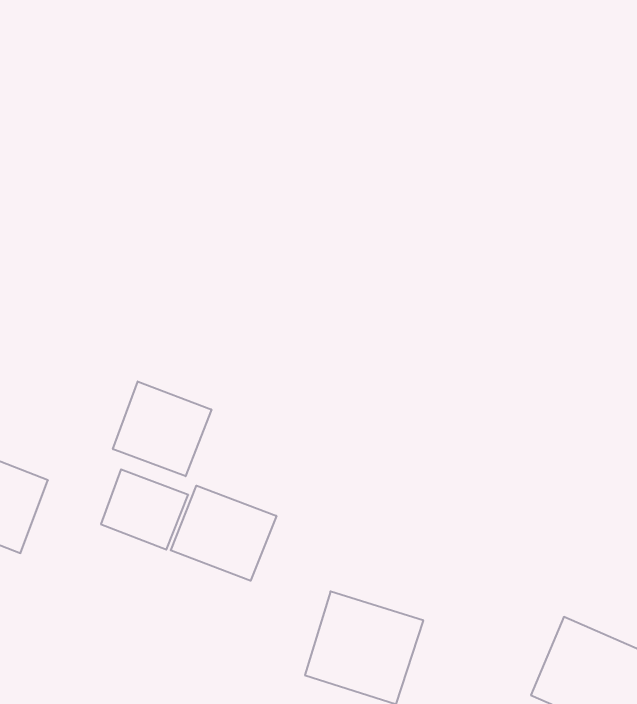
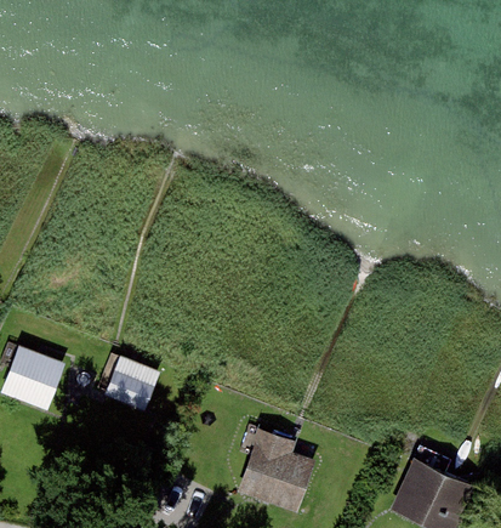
building: [113,381,211,476] -> none
building: [171,486,276,581] -> none

